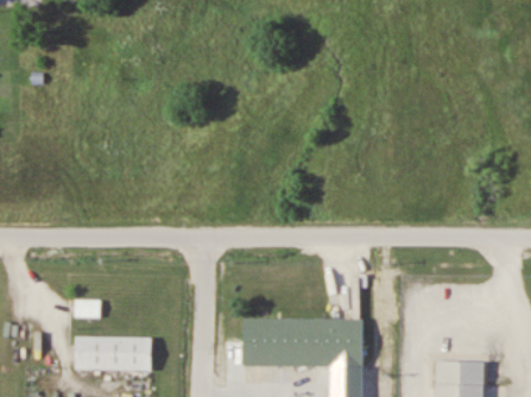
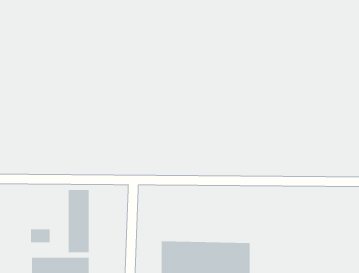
building: none -> [68,189,89,253]

